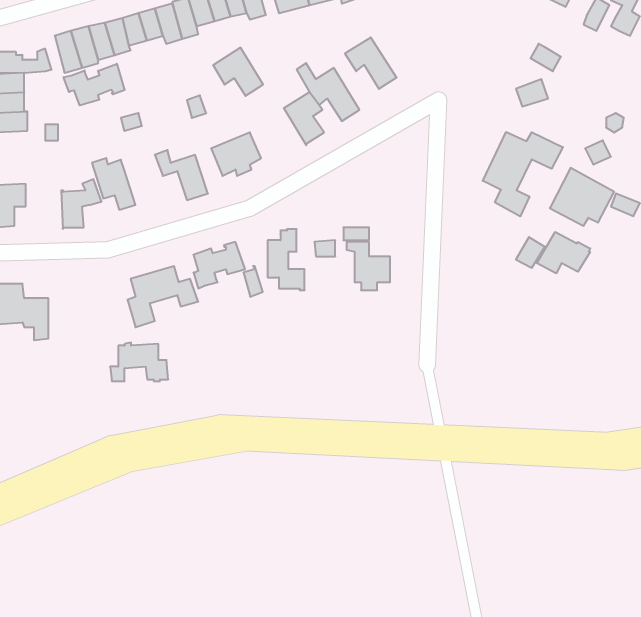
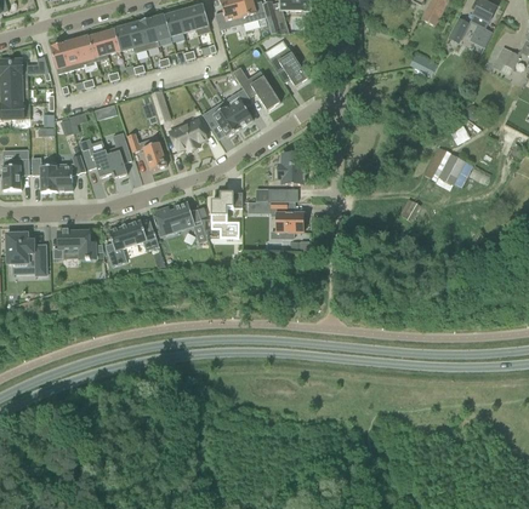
building: [213,48,263,96] -> [203,101,240,137]
building: [64,64,125,105] -> none
building: [483,132,563,216] -> none
building: none -> [103,132,132,177]
building: none -> [278,151,303,184]
building: none -> [32,158,57,191]
building: [537,232,590,273] -> none
building: [110,342,168,381] -> [52,229,96,258]

